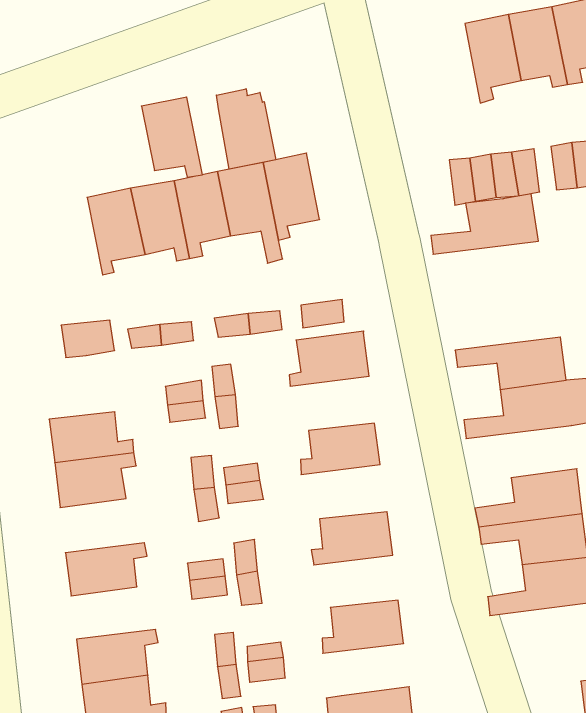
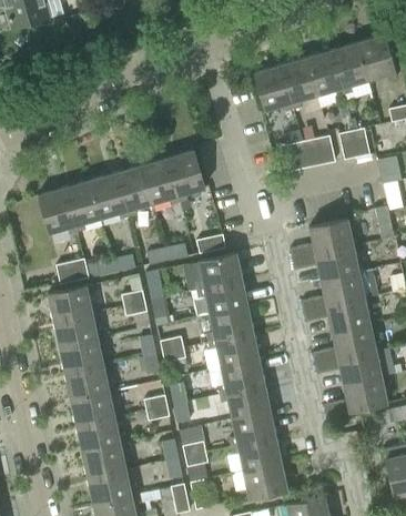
building: none -> [254,64,294,113]
building: [216,89,276,169] -> none
building: [141,97,202,177] -> [38,188,78,235]
building: [431,194,538,254] -> [290,219,354,260]
building: none -> [48,284,95,322]
building: none -> [195,280,247,315]
building: none -> [303,299,371,333]
building: none -> [206,332,260,367]
building: none -> [64,365,116,401]
building: none -> [219,385,271,419]
building: none -> [75,417,128,452]
building: none -> [229,437,282,472]

